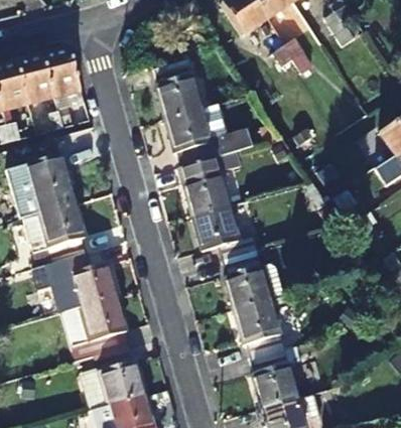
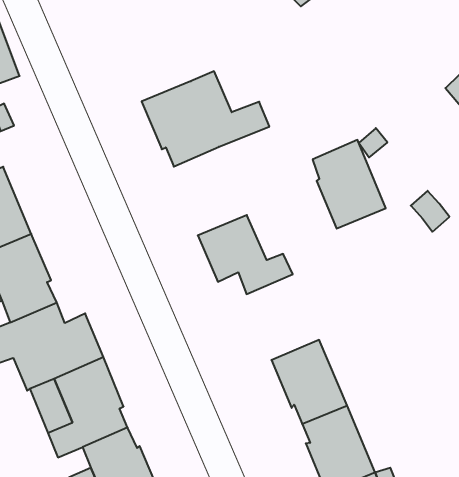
building: [155,63,203,122] -> none
building: [183,160,231,221] -> [313,140,386,229]
building: [224,256,271,314] -> none

